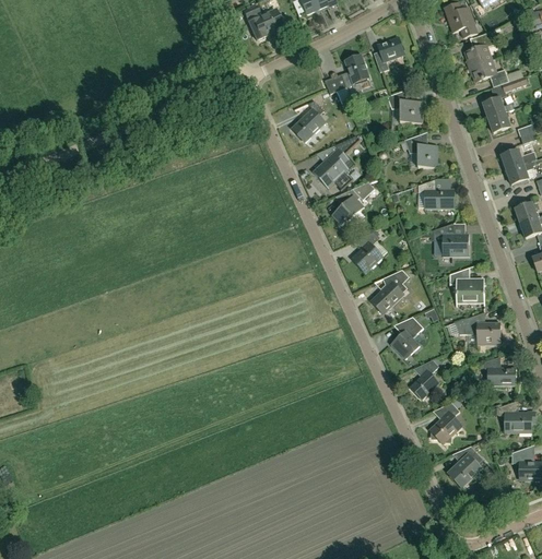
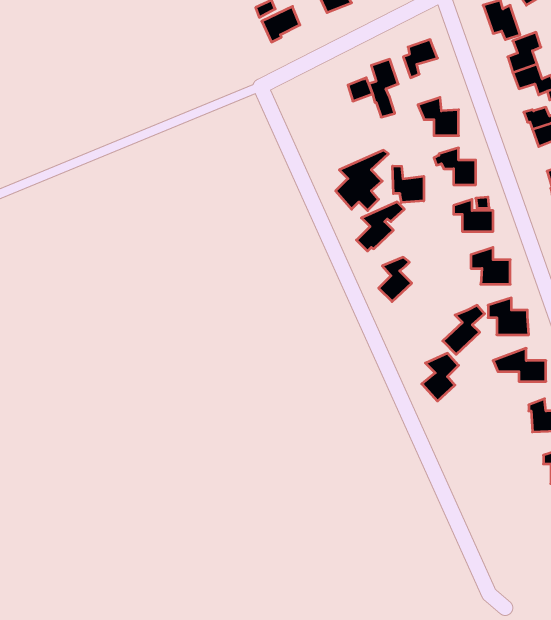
building: [293,100,329,142] -> none
building: none -> [393,166,424,203]
building: [372,270,409,313] -> [443,305,485,354]
building: [410,360,439,400] -> none
building: [429,400,462,443] -> none
building: [449,447,483,487] -> none

